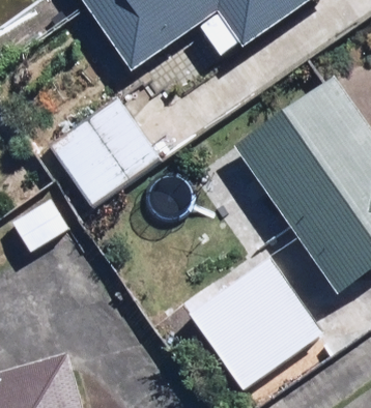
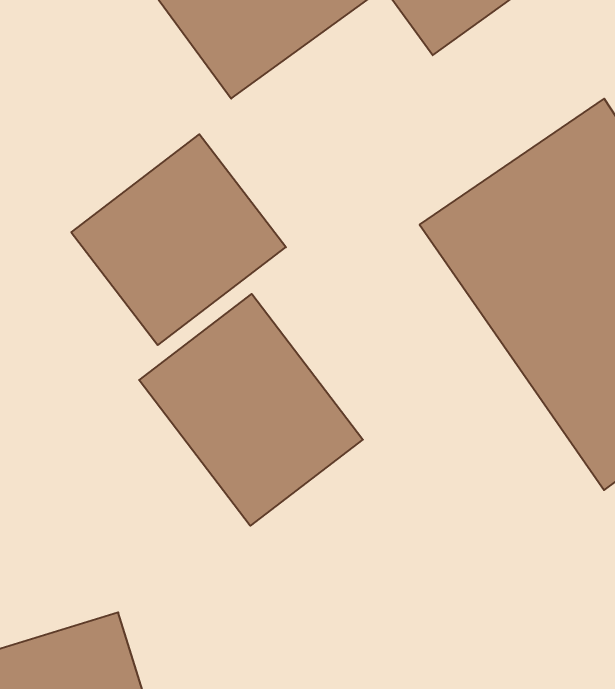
building: none -> [139,294,363,526]
building: [188,258,319,389] -> none

